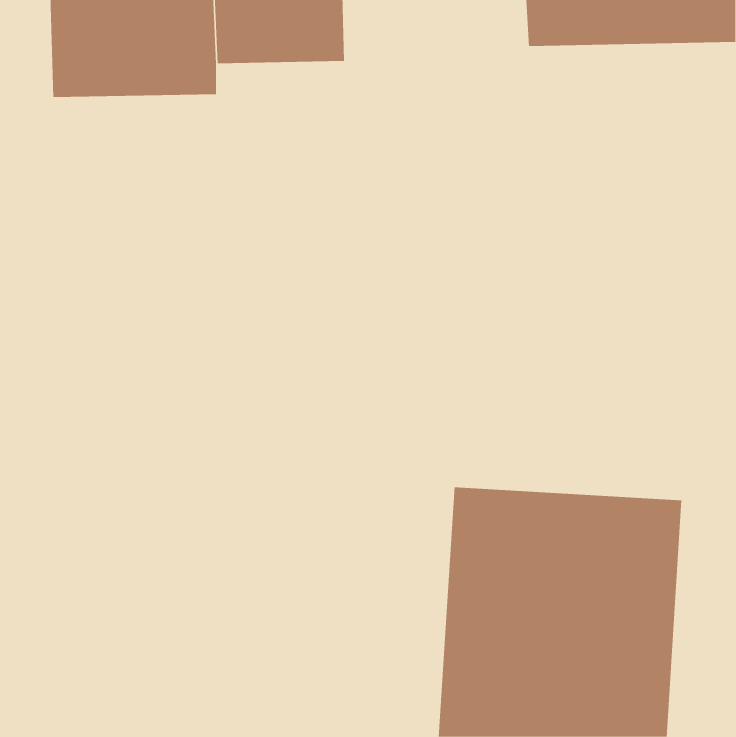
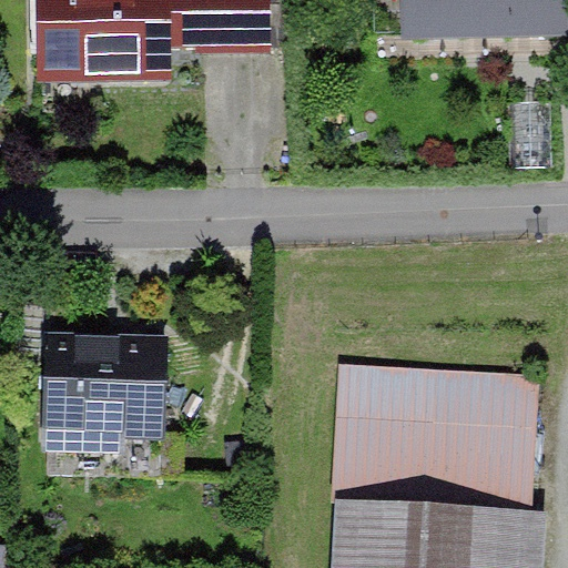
building: none -> [45,339,176,476]

